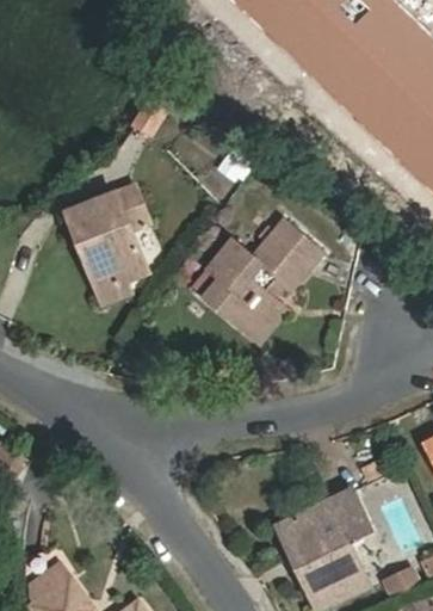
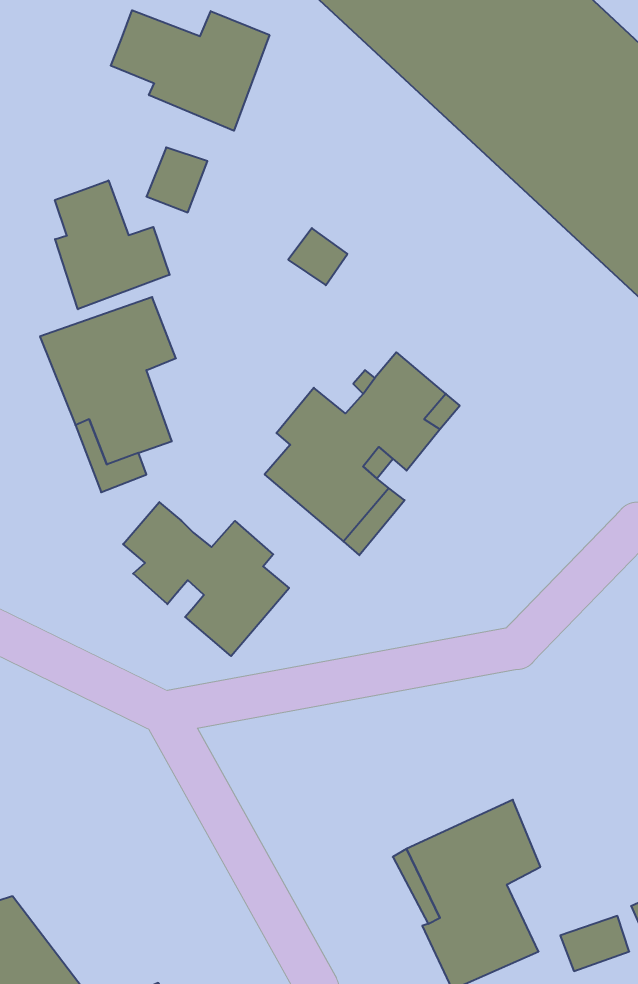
building: none -> [111,10,269,131]
building: none -> [55,180,170,309]
building: none -> [123,502,289,656]

